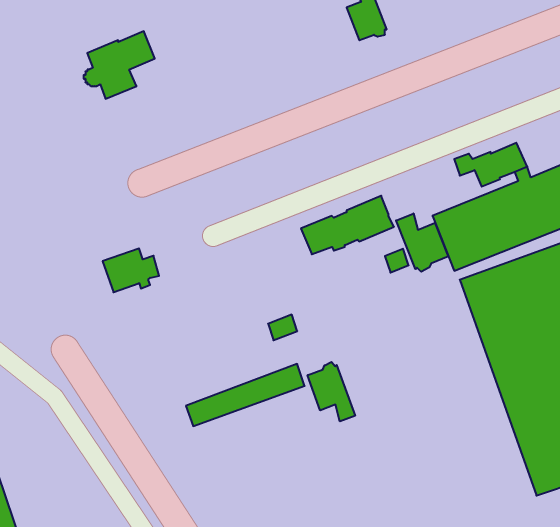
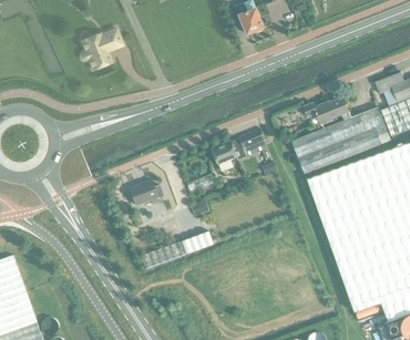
building: [396,213,448,272] -> none
building: [103,248,159,292] -> [130,179,164,206]
building: [308,362,355,421] -> none

